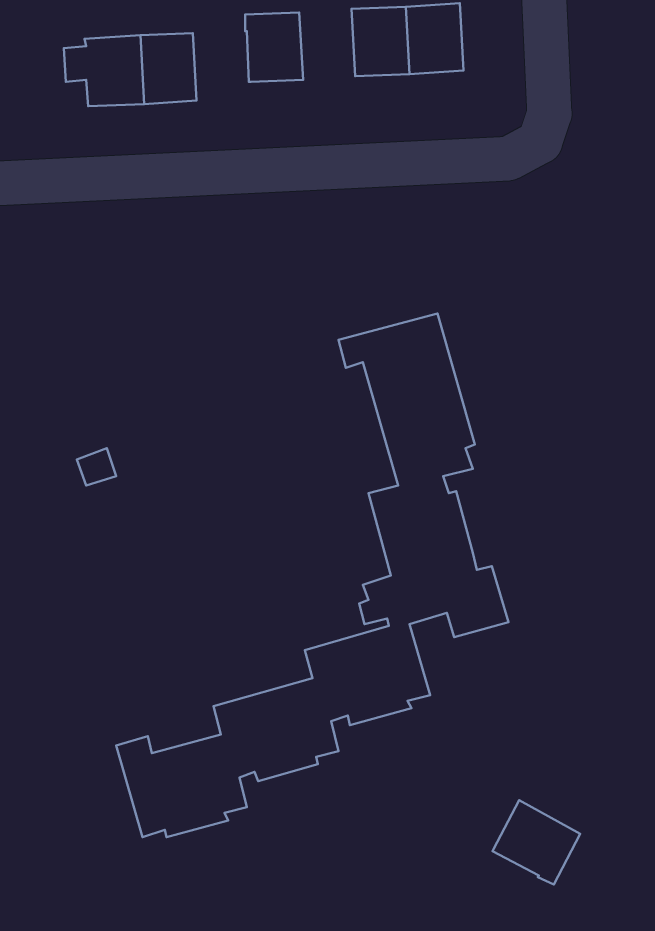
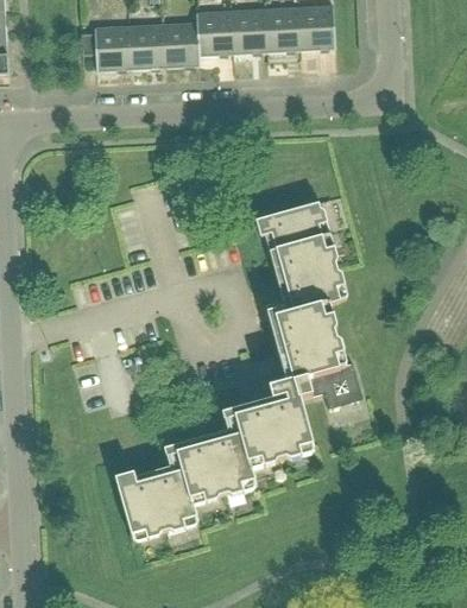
building: none -> [229,8,265,53]
building: none -> [162,23,198,66]
building: [493,800,580,885] -> none

